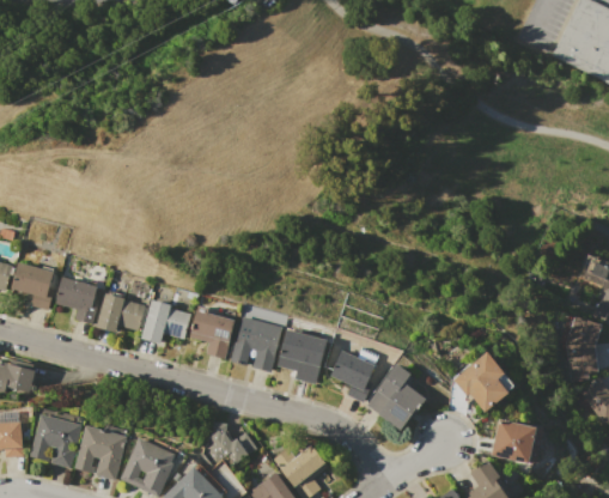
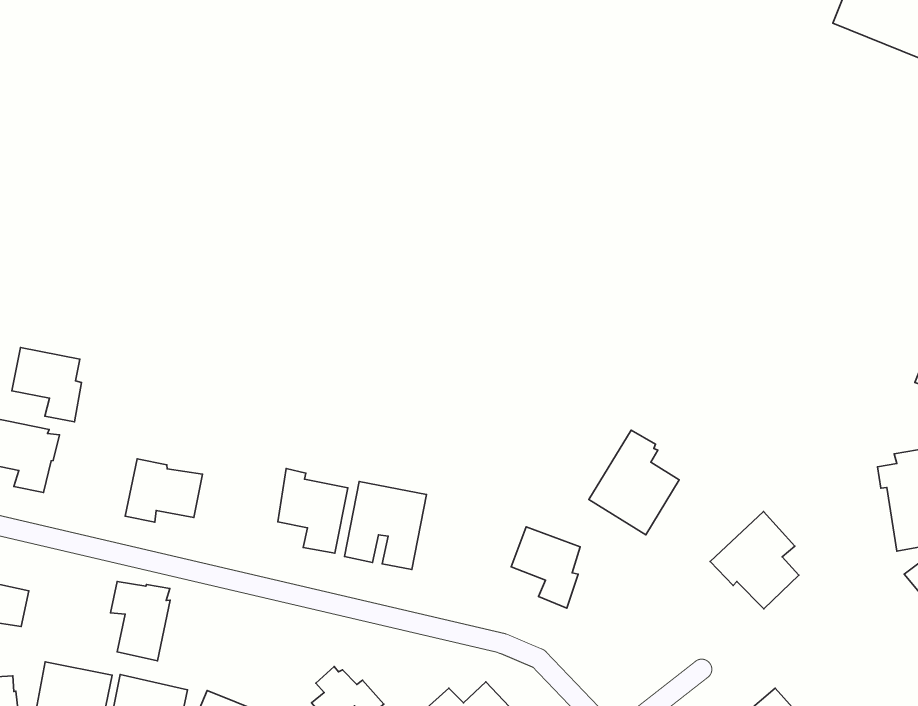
building: [55,277,98,324] -> [12,347,82,422]
building: [140,299,190,344] -> none
building: [276,329,327,384] -> none
building: [367,364,424,429] -> [589,430,679,535]
building: none -> [110,581,170,661]
building: [492,418,537,463] -> none

